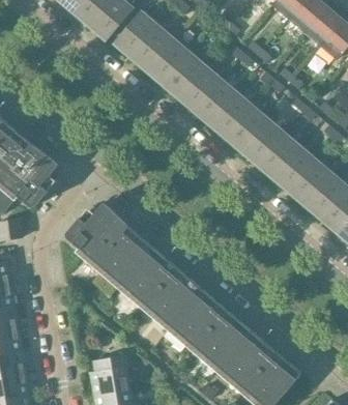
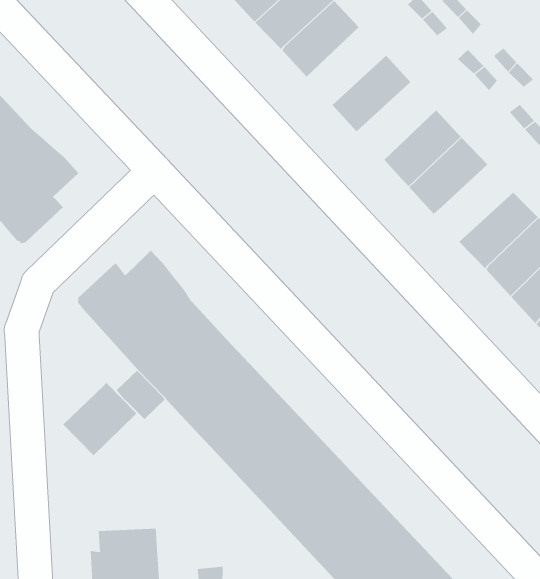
building: [178,67,221,112] -> none
building: [209,94,252,139] -> none
building: [257,135,299,179] -> none
building: none -> [62,382,137,456]

